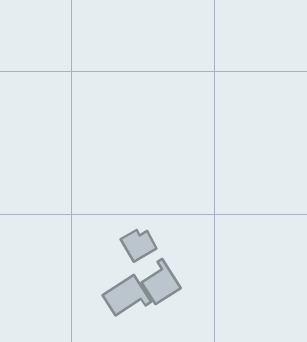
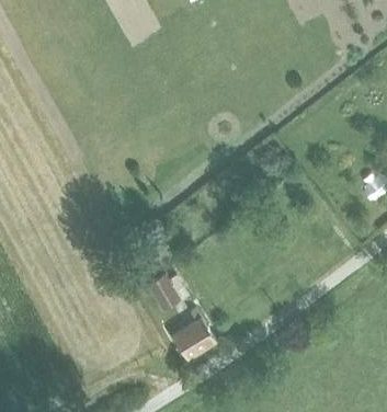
building: [103,275,151,315] -> none

